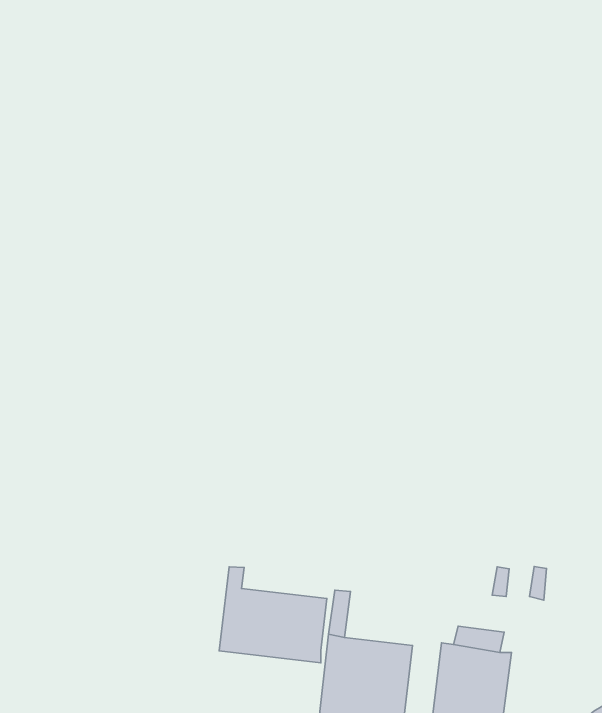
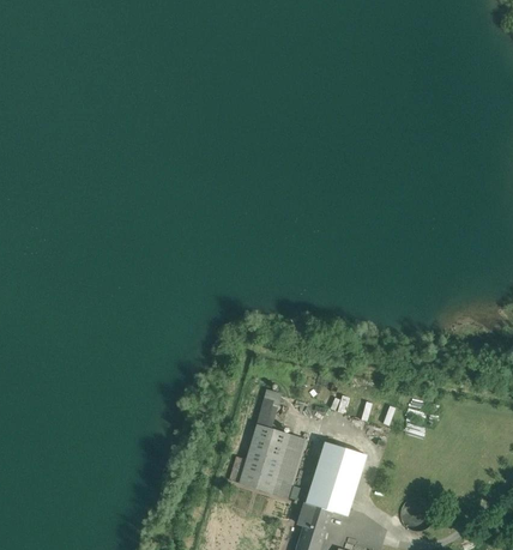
building: [219,567,327,663] -> none

